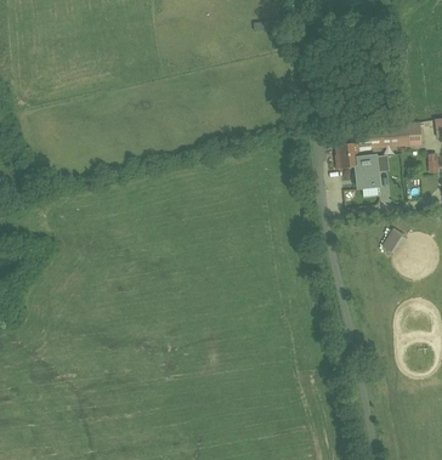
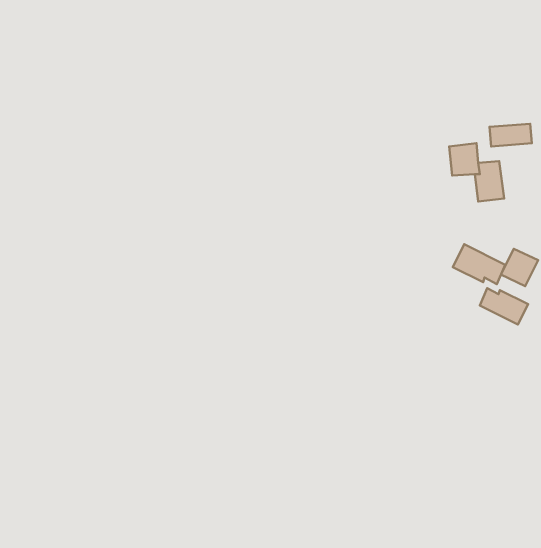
building: none -> [453,244,505,284]
building: none -> [480,288,528,325]

